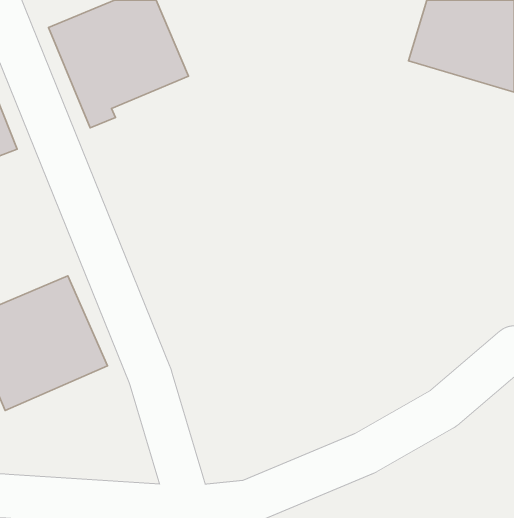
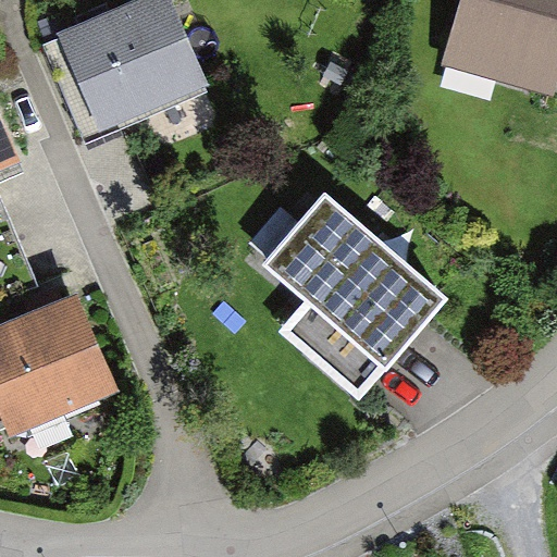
building: none -> [273,187,455,388]

